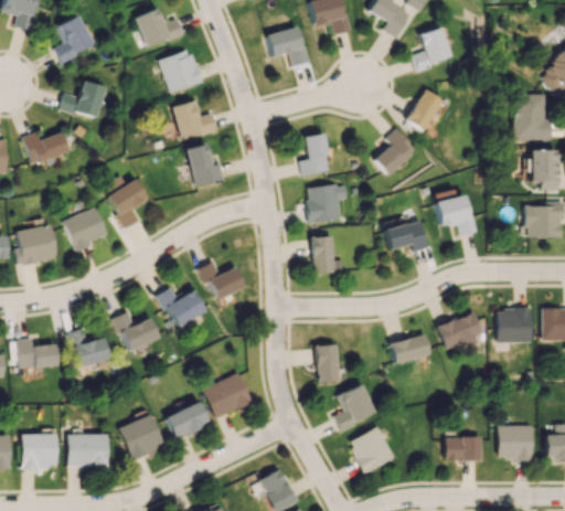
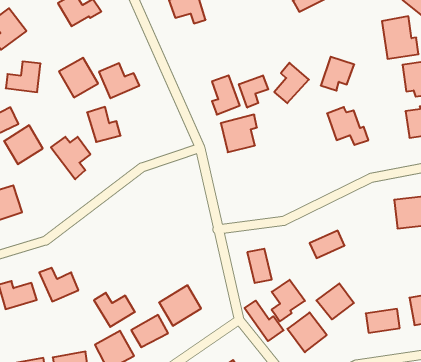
building: [159,49,203,94] -> [59,58,98,97]
building: [408,89,451,130] -> [321,57,354,91]
building: none -> [239,75,268,108]
building: [189,145,224,184] -> [87,107,121,142]
building: [64,206,108,251] -> [4,125,43,164]
building: [384,221,428,252] -> none
building: [312,236,344,274] -> none
building: [198,262,244,299] -> none
building: [158,287,206,328] -> none
building: [114,311,160,352] -> [94,293,135,327]
building: [435,311,484,350] -> none
building: none -> [316,283,354,319]
building: none -> [245,301,284,341]

